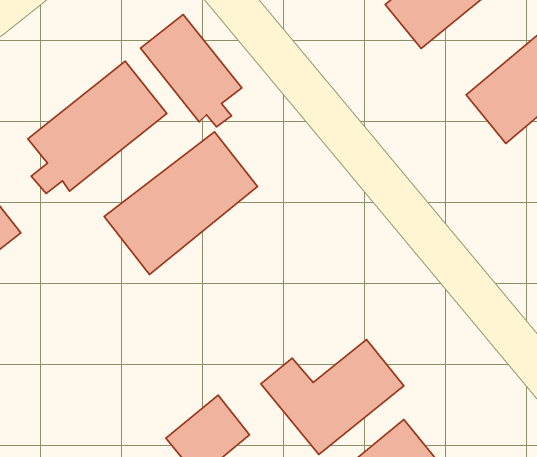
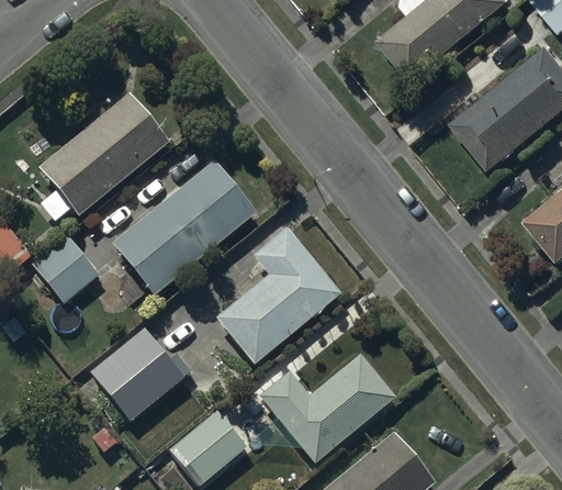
building: [140,14,242,127] -> none
building: none -> [215,226,340,364]
building: none -> [31,235,100,305]
building: none -> [90,330,193,423]

